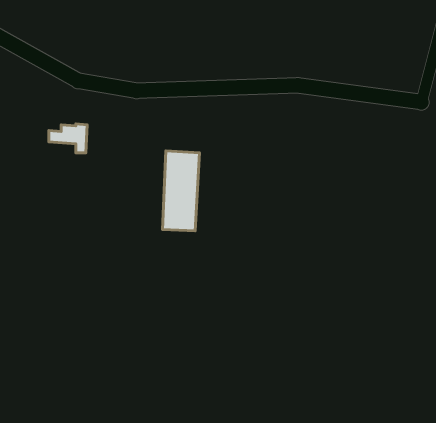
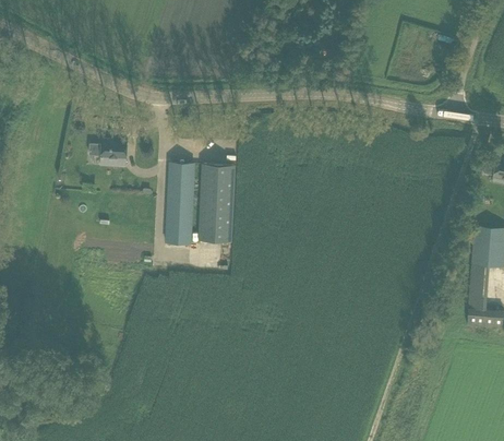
building: none -> [165,163,193,243]

